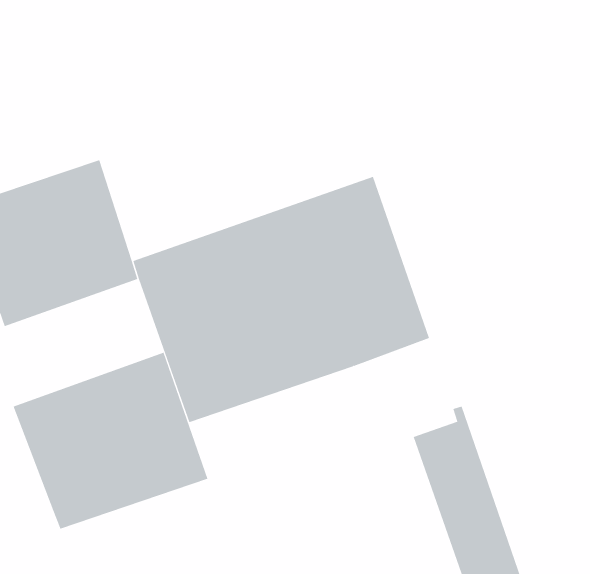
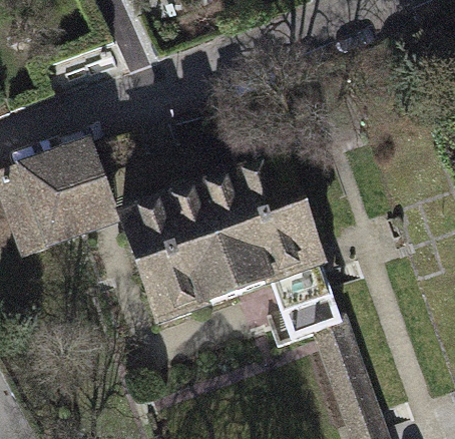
building: none -> [271,267,344,344]
building: [13,352,208,530] -> none

